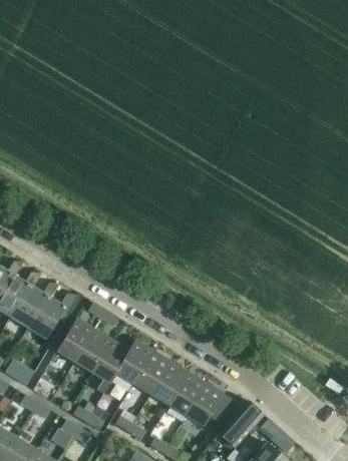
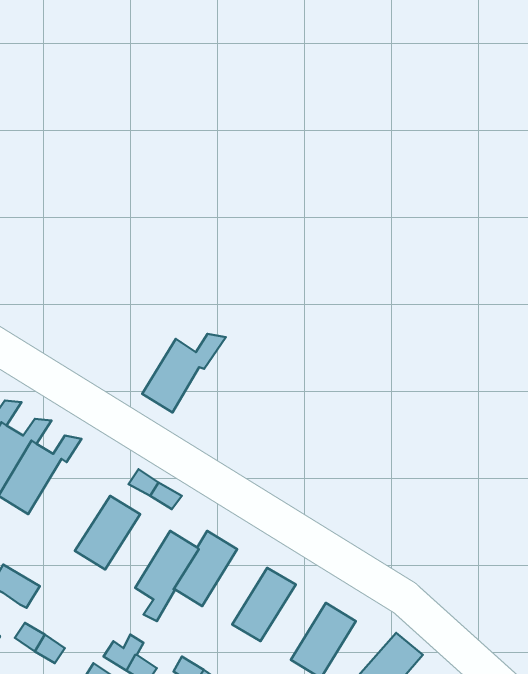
building: [28,294,78,341] -> [142,334,226,412]
building: [74,330,113,374] -> none
building: [132,351,171,396] -> none
building: [167,372,207,417] -> none

